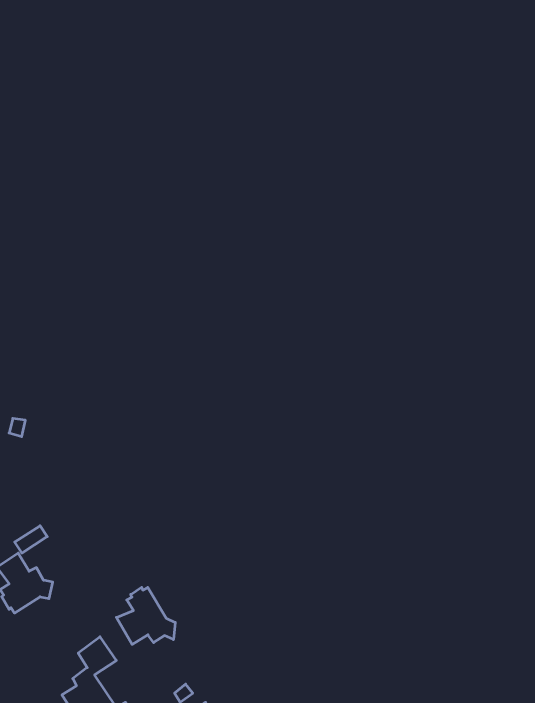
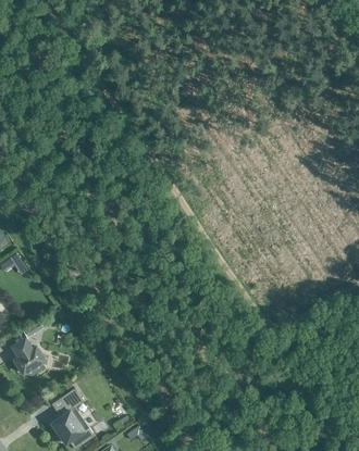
building: [116,587,175,644] -> none

